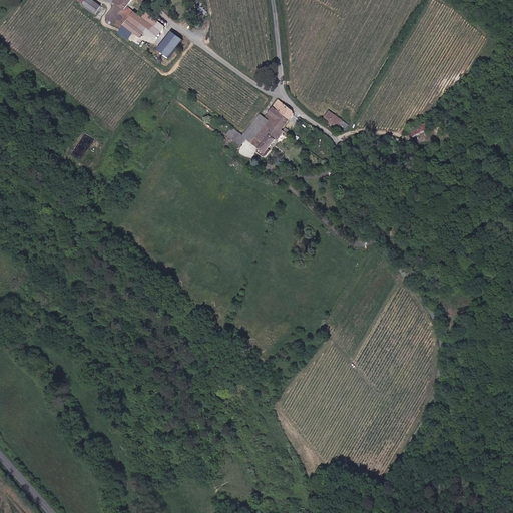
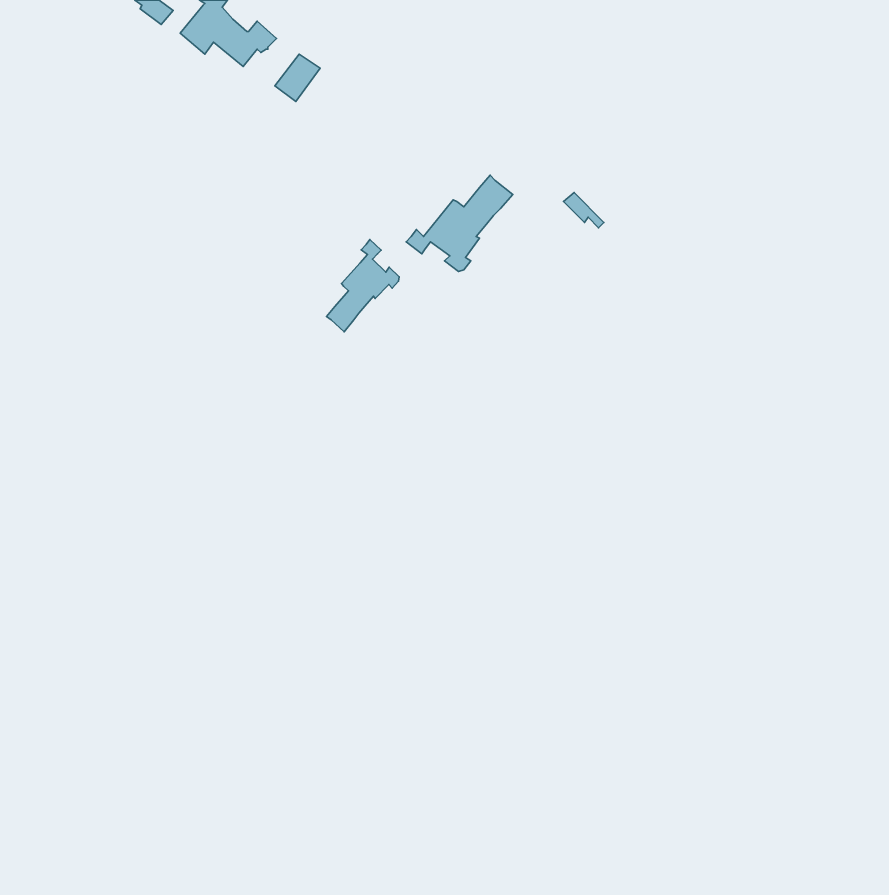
building: none -> [326,240,399,332]

